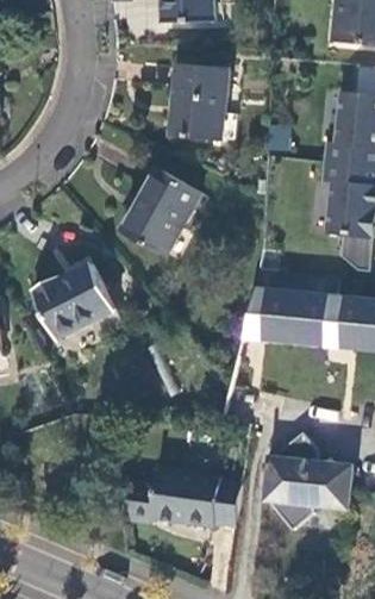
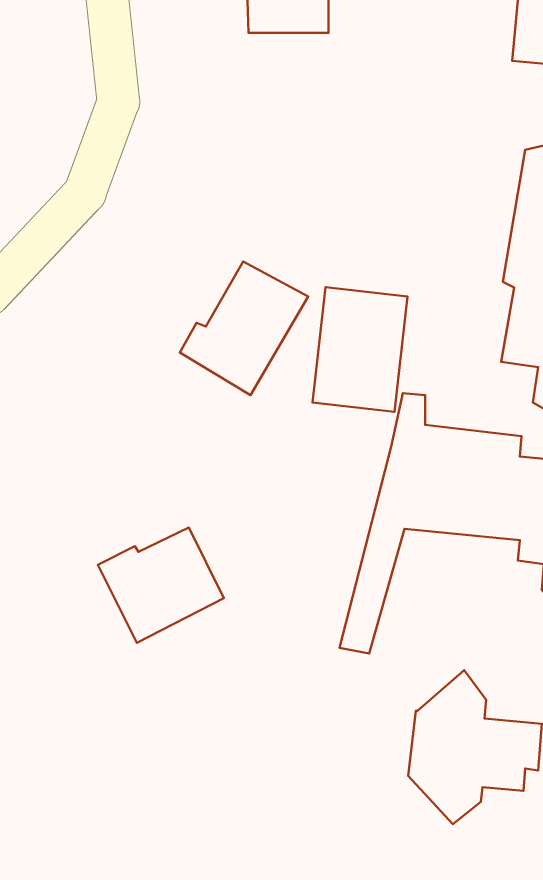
building: [169,62,230,142] -> [313,287,407,412]
building: [33,266,114,339] -> [98,528,224,643]
building: [129,469,242,526] -> none

